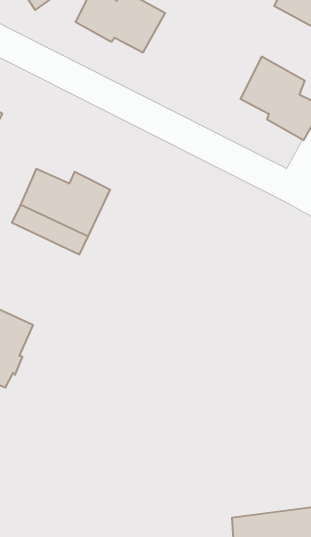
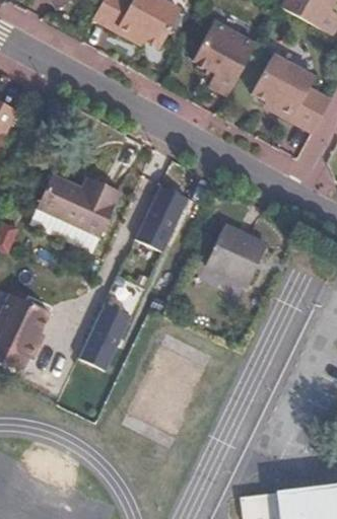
building: none -> [193,24,254,97]
building: none -> [134,184,186,250]
building: none -> [204,223,265,282]
building: none -> [78,302,129,369]

